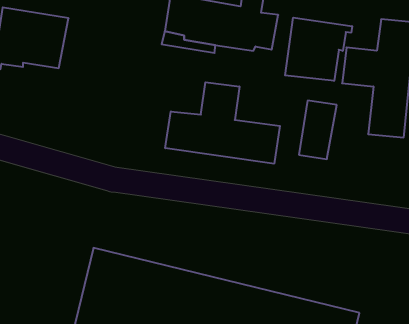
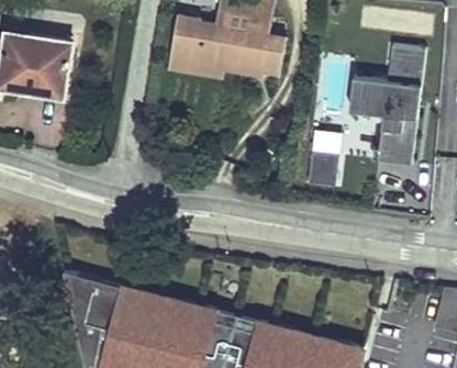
building: [285,18,352,81] -> none
building: [165,82,280,164] -> none

